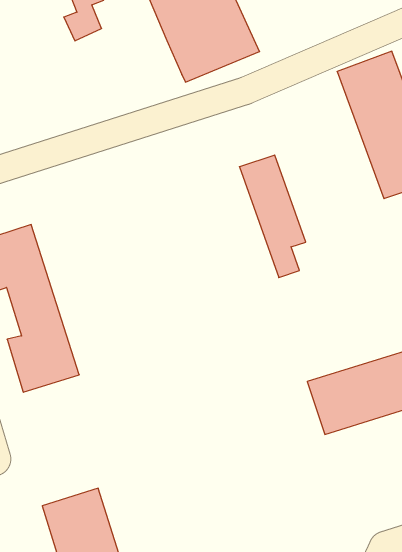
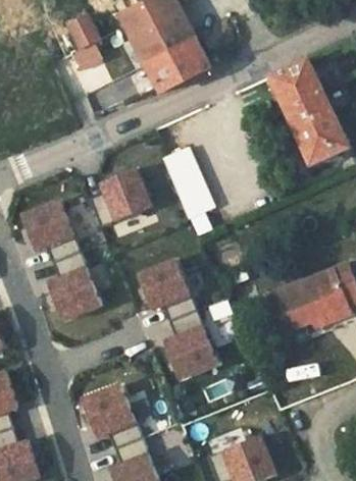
building: [239,155,306,278] -> [162,149,213,235]
building: none -> [90,170,148,227]
building: none -> [138,260,218,379]

